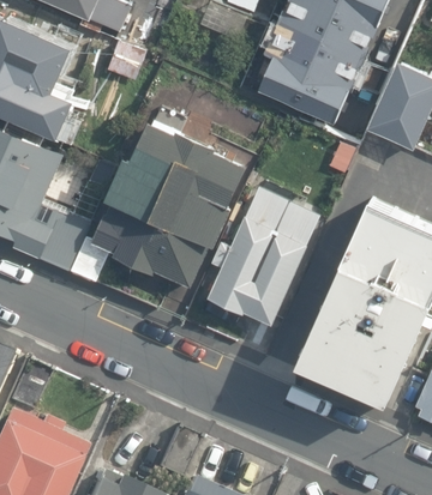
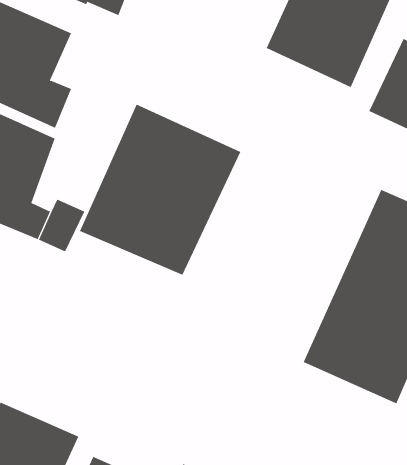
building: [196,185,317,332] -> none

